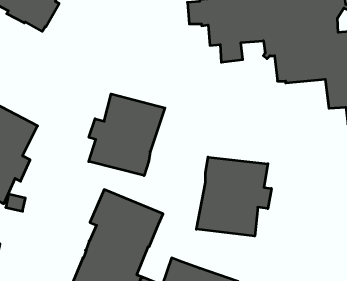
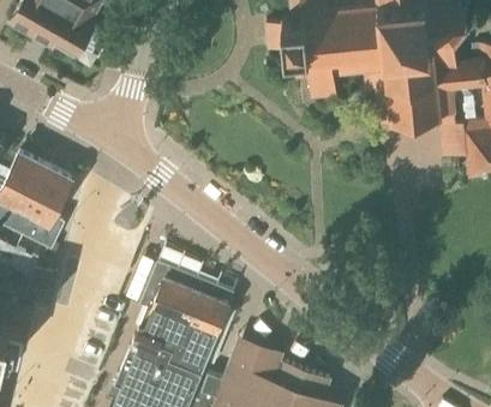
building: [89,94,165,176] -> none
building: [196,157,271,236] -> none

